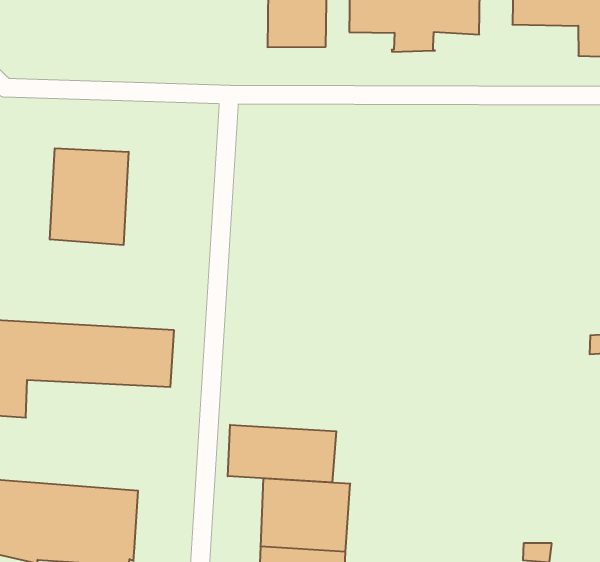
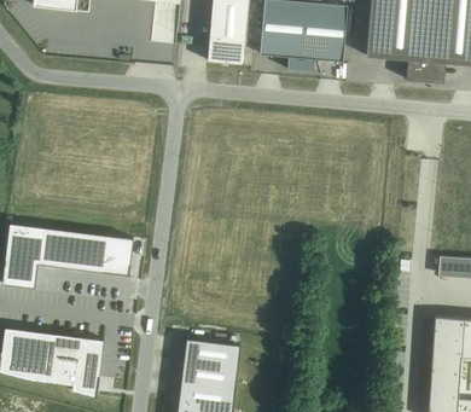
building: [50,148,129,245] -> none
building: [228,425,336,483] -> none

